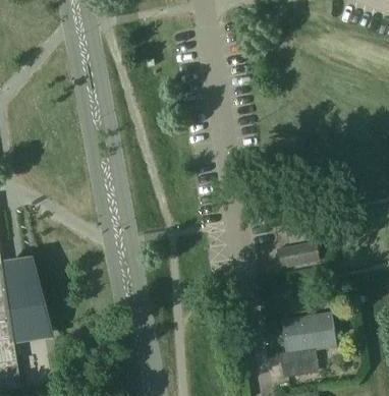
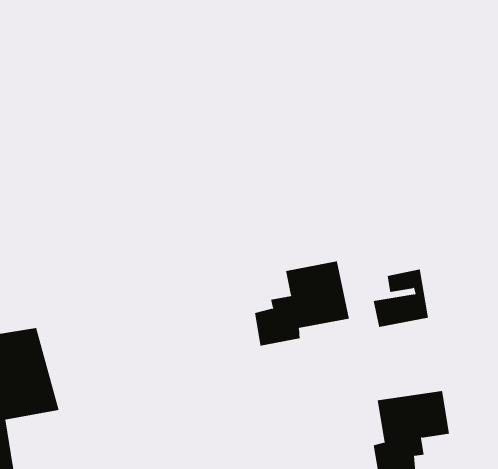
building: none -> [255,261,349,347]

